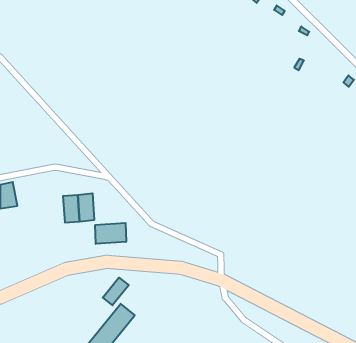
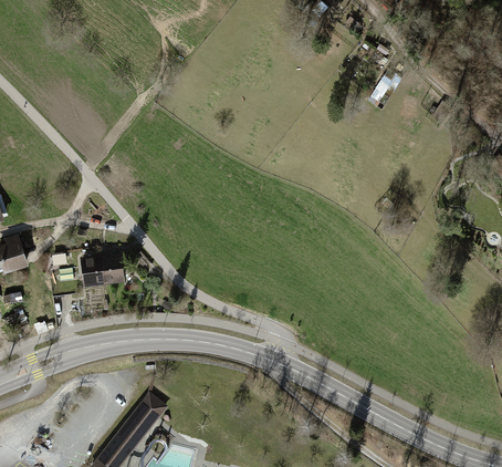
building: [95,223,126,244] -> none
building: [103,278,129,305] -> none

